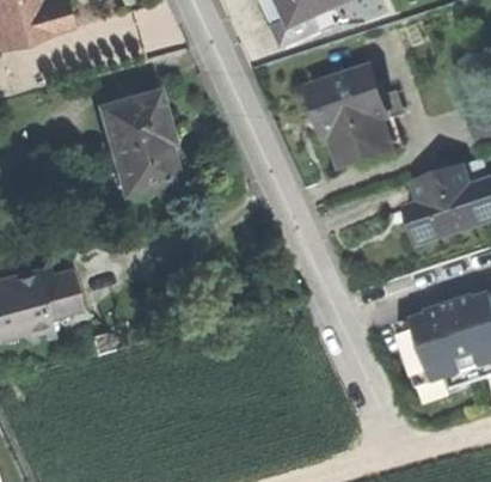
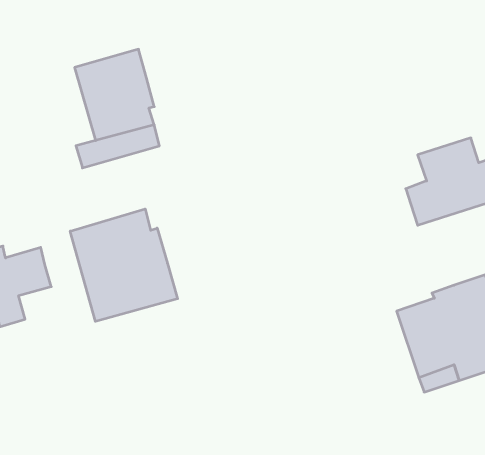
building: [311,67,391,166] -> none
building: none -> [70,209,178,321]

